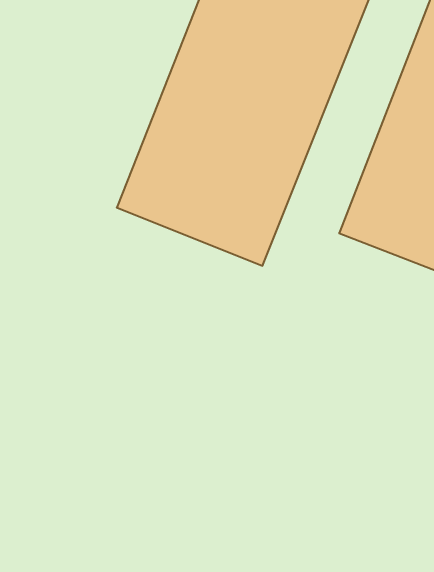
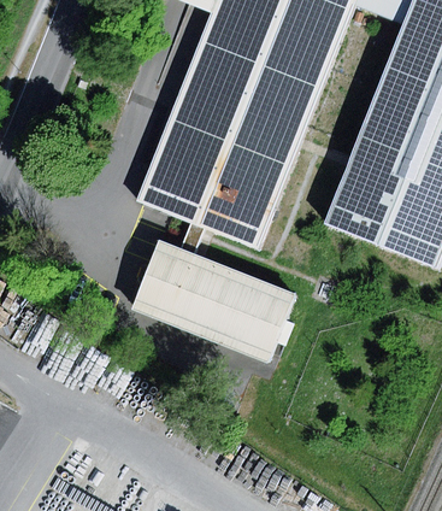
building: none -> [134,239,296,358]

